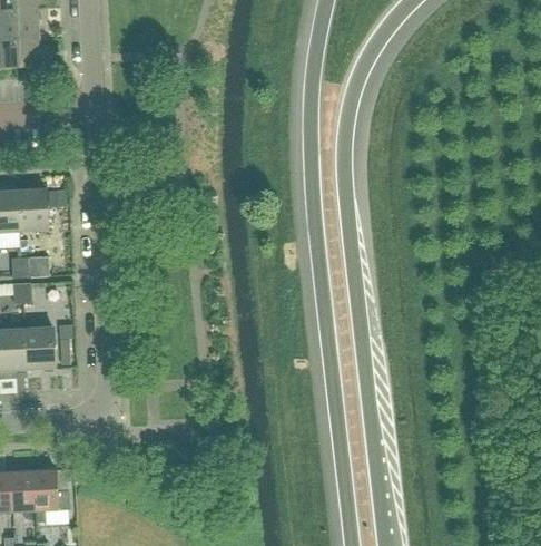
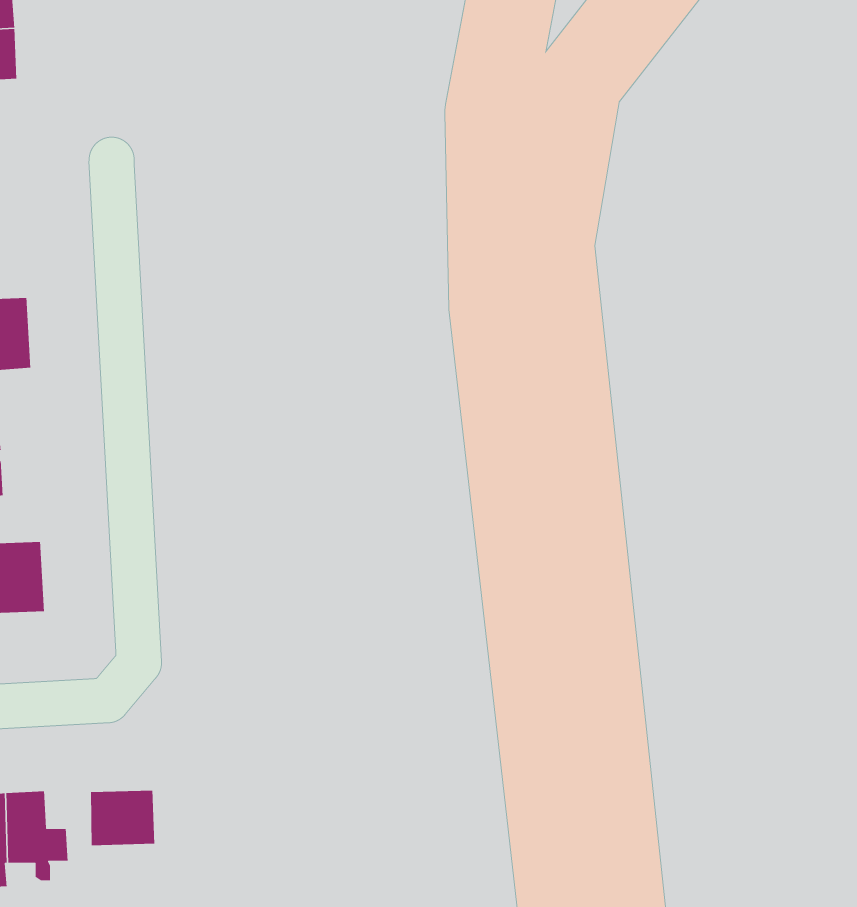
building: none -> [90,790,155,846]

